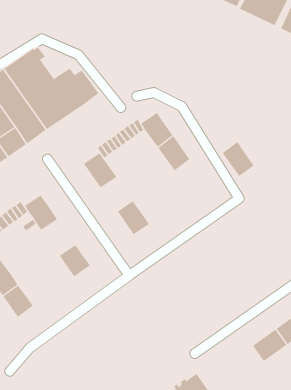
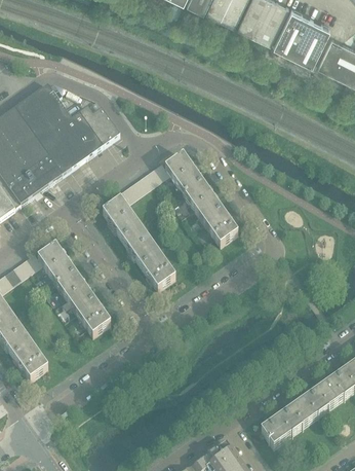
building: [222,141,255,177] -> [202,207,238,246]
building: none -> [121,226,157,264]
building: none -> [56,273,94,313]
building: none -> [261,411,300,447]

